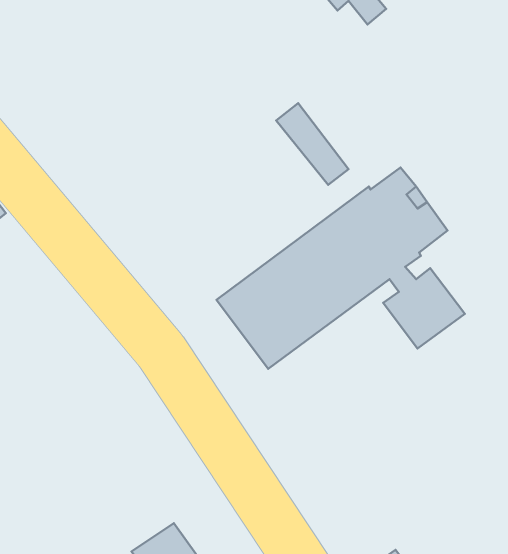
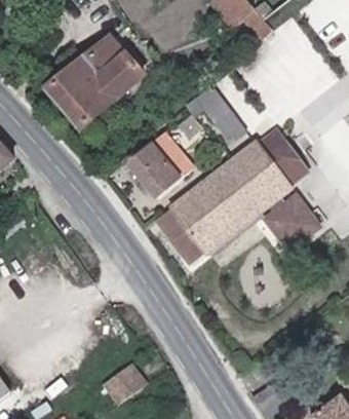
building: none -> [47,38,144,129]
building: none -> [121,135,186,198]

